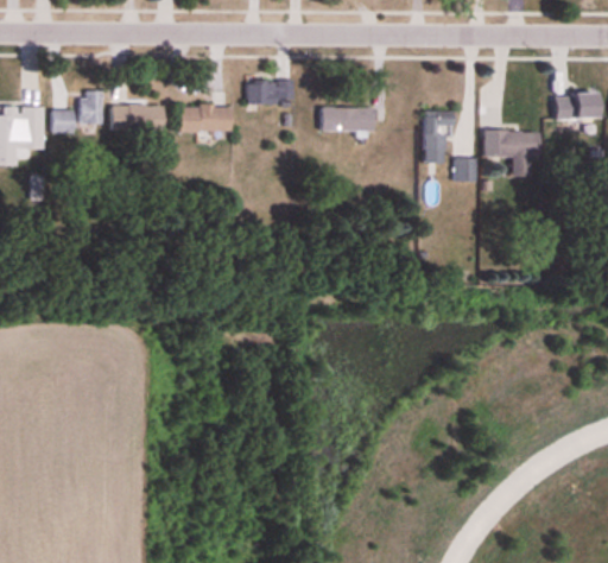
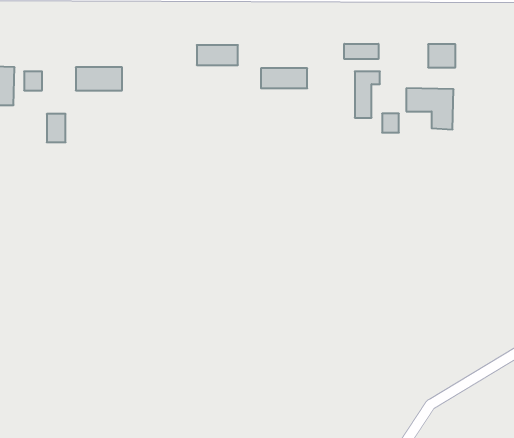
building: none -> [344,44,378,59]
building: [81,91,102,124] -> [47,114,66,142]
building: [564,93,595,119] -> [428,44,455,67]
building: [177,106,229,131] -> none

